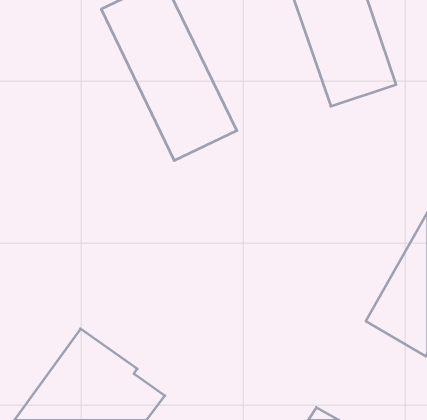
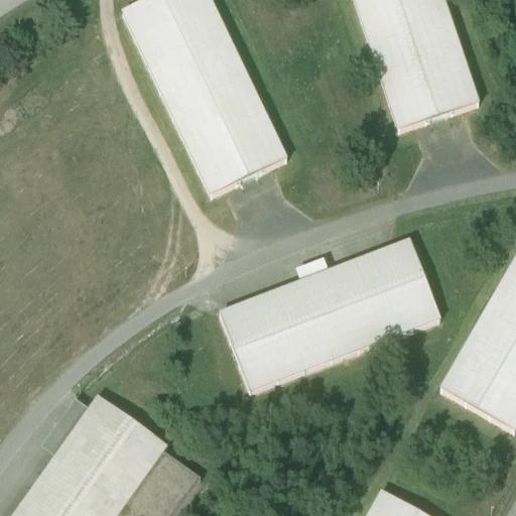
building: none -> [221,240,439,390]

